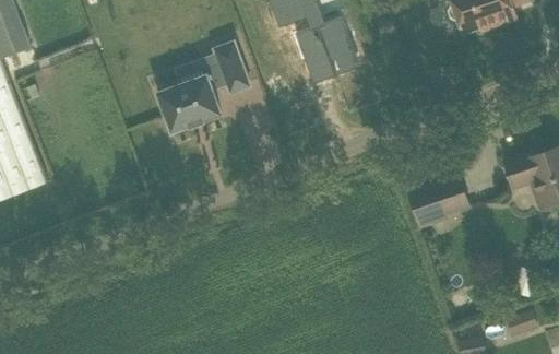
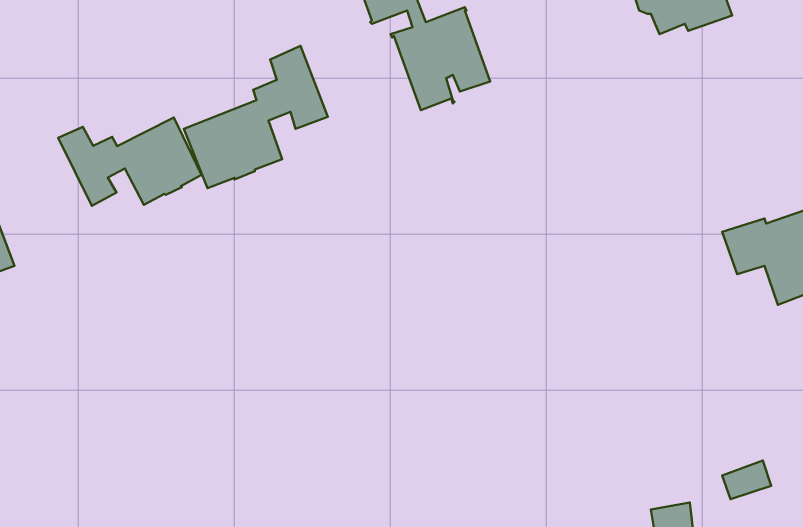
building: none -> [58,118,202,206]
building: [408,176,468,223] -> none

